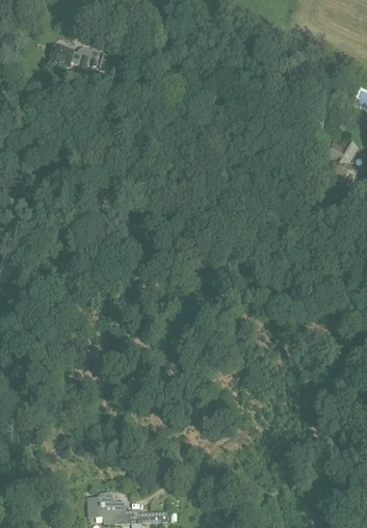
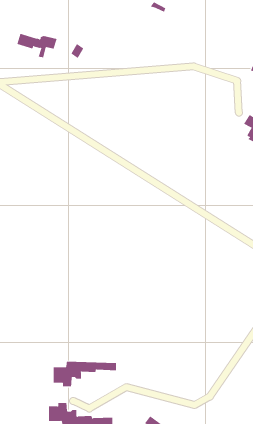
building: none -> [53,361,116,387]

